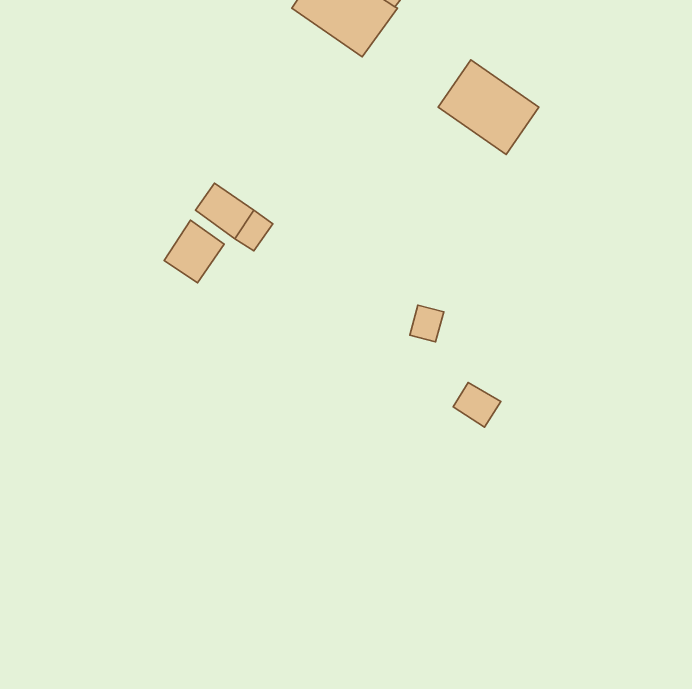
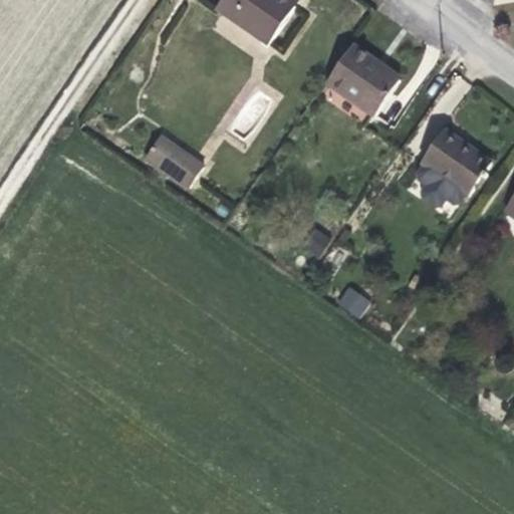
building: none -> [418,128,491,205]
building: [164,220,224,283] -> none

